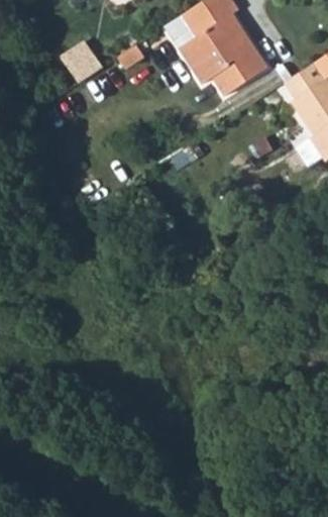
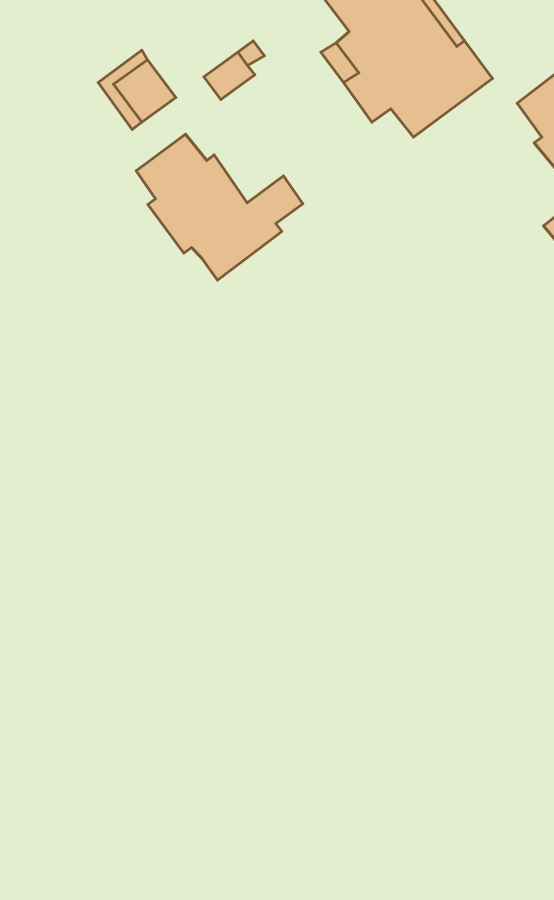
building: none -> [136,134,303,280]

